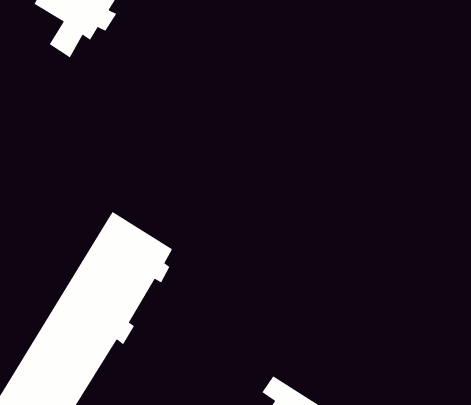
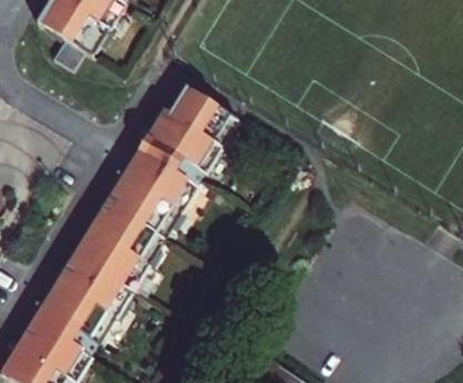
building: none -> [104,90,228,237]

